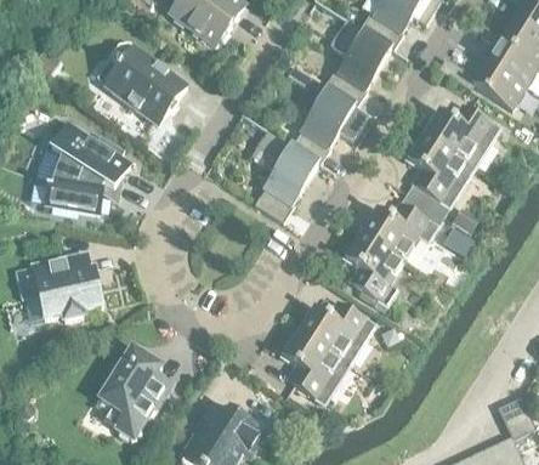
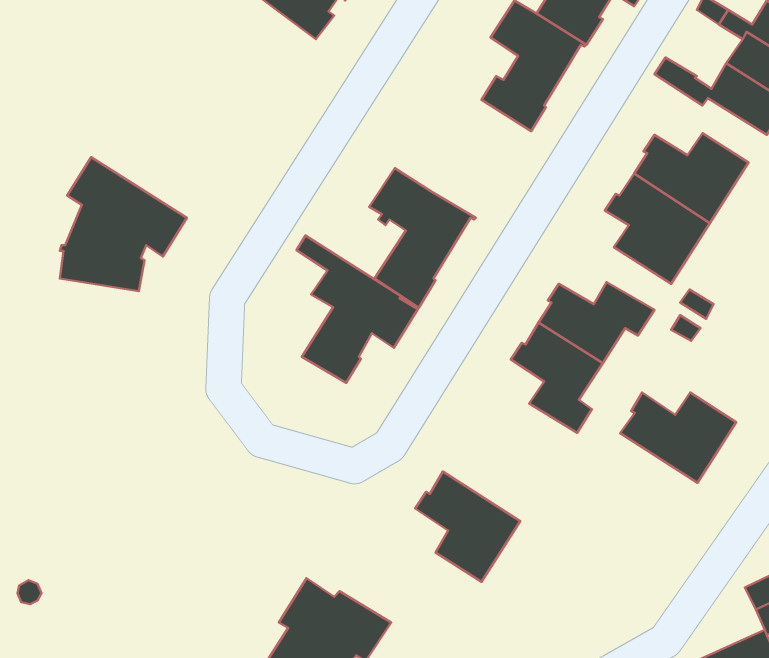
building: [109,42,186,124] -> none
building: [286,67,367,164] -> [296,236,418,383]
building: [21,253,102,319] -> none
building: [297,305,374,364] -> [620,393,736,483]
building: [98,347,171,435] -> none

